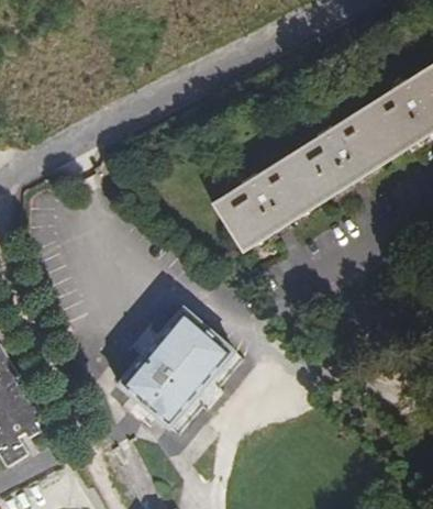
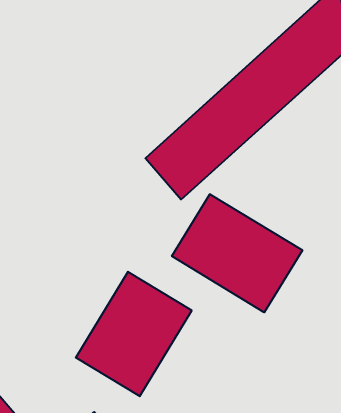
building: none -> [172,194,302,312]

